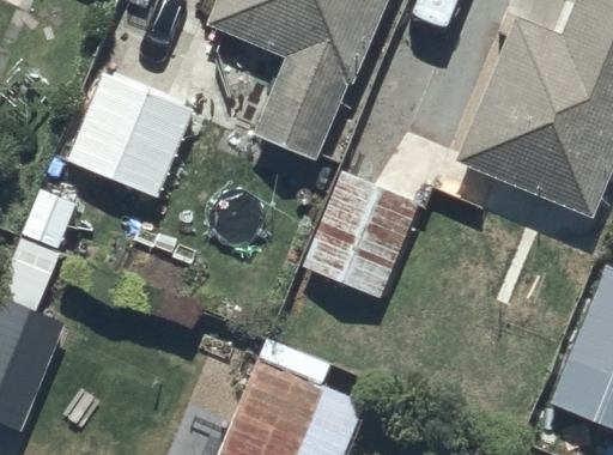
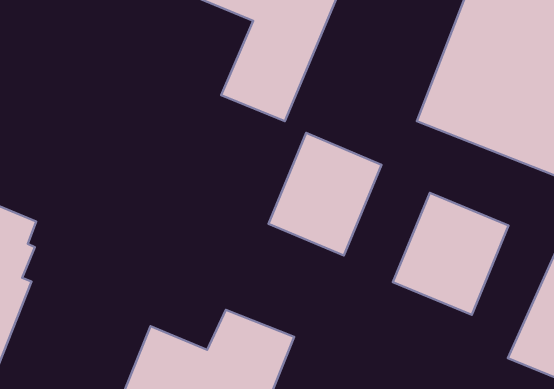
building: [66,71,196,200] -> none
building: none -> [393,193,509,315]

